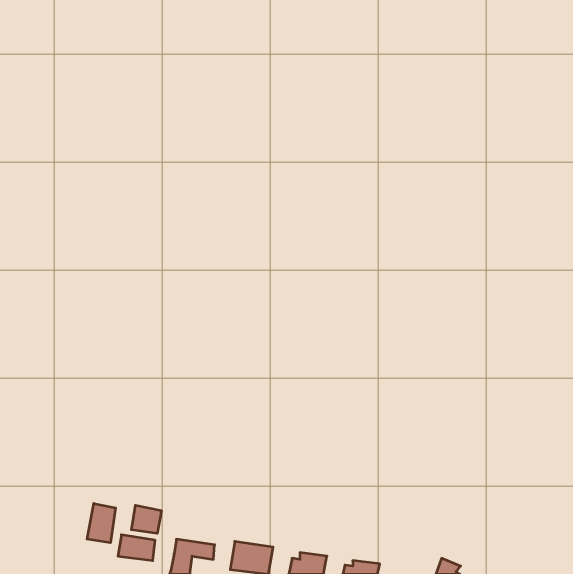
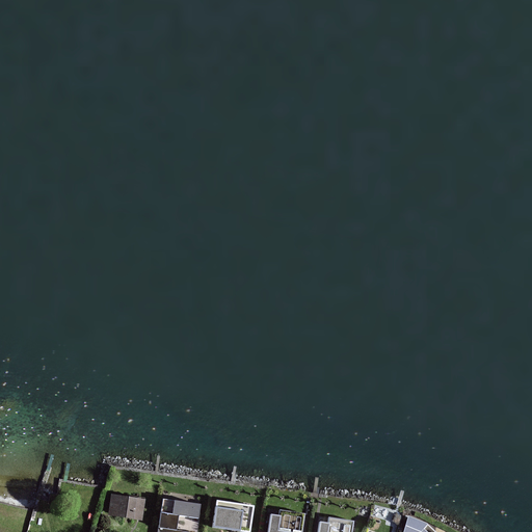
building: [87,503,116,543] -> none
building: [131,505,161,533] -> none

